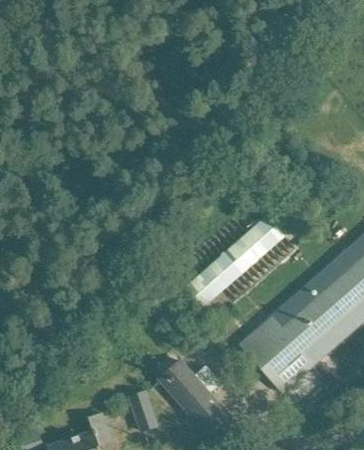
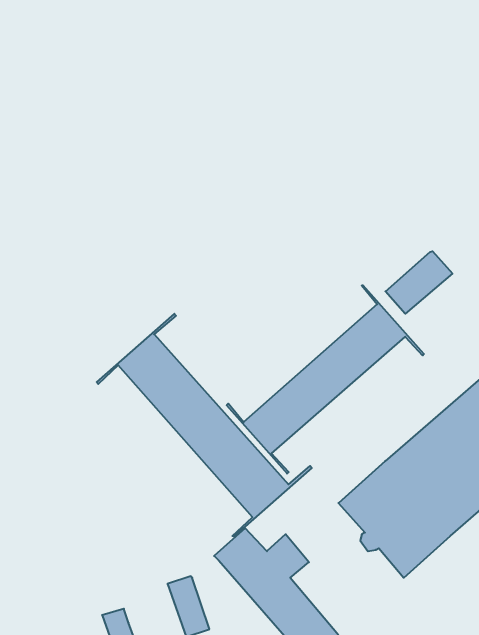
building: none -> [385,251,452,314]
building: none -> [97,314,312,536]

